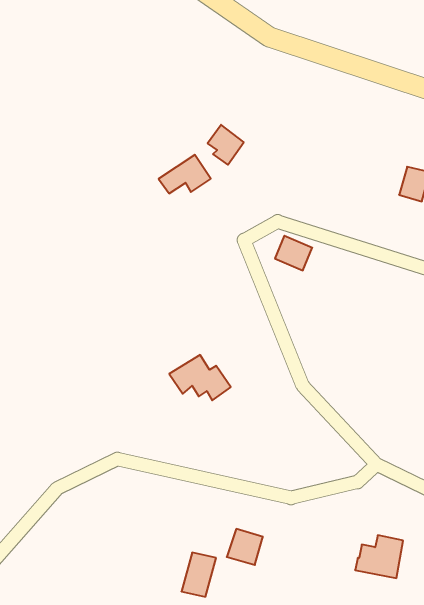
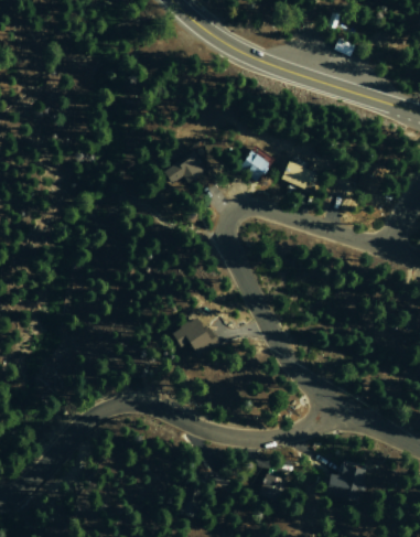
building: [208,125,244,165] -> [241,149,271,182]
building: [275,236,312,270] -> [281,160,312,189]
building: [227,529,263,565] -> [260,473,290,503]

